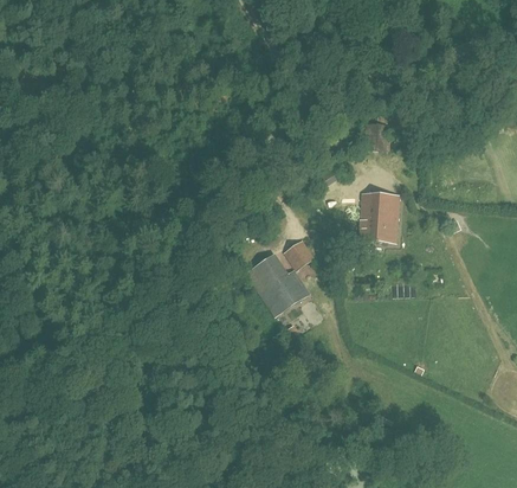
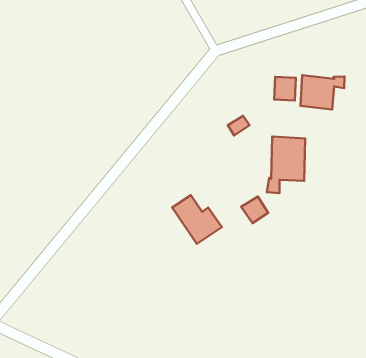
building: none -> [300,75,345,110]
building: [283,238,314,269] -> [241,196,268,223]

